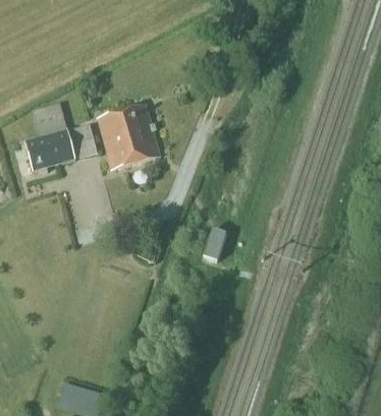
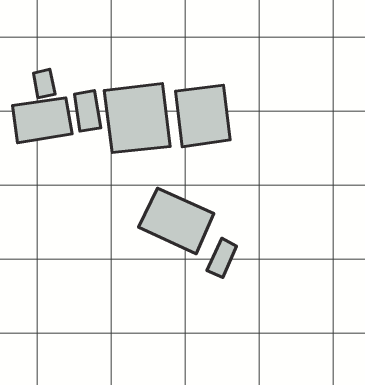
building: none -> [175,85,230,147]
building: none -> [138,188,214,254]

